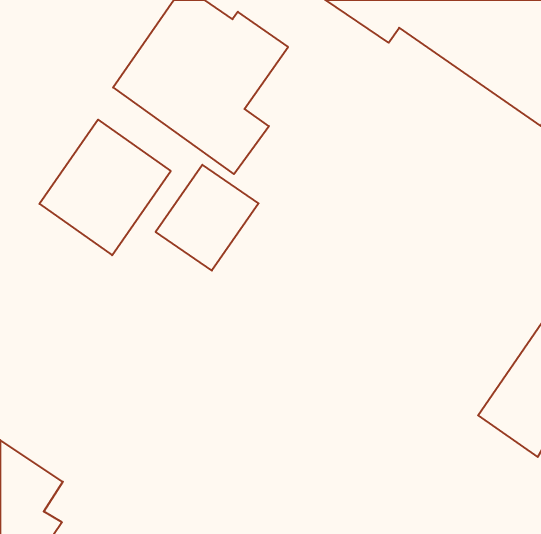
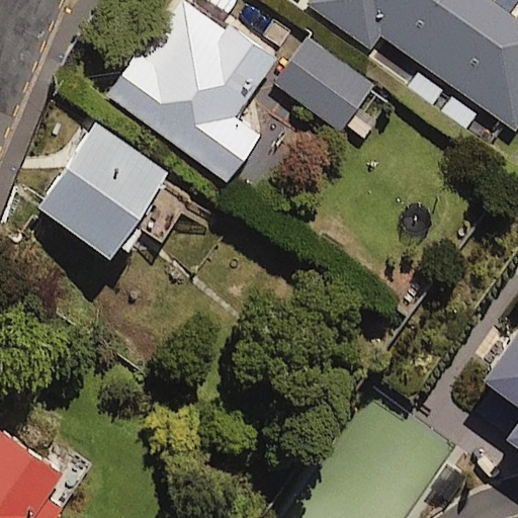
building: none -> [277,40,374,132]
building: [156,165,259,271] -> none

